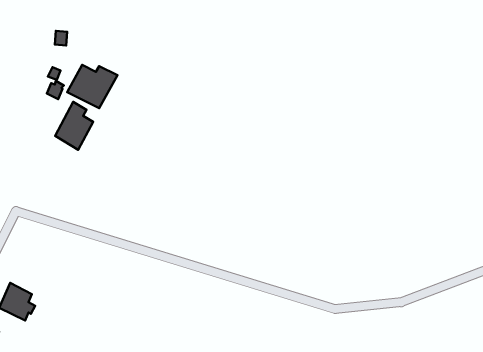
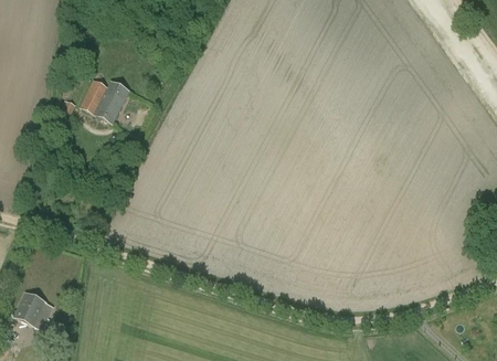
building: [55,102,93,150] -> none

